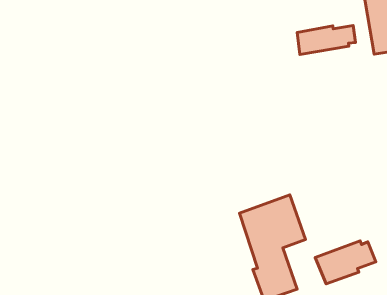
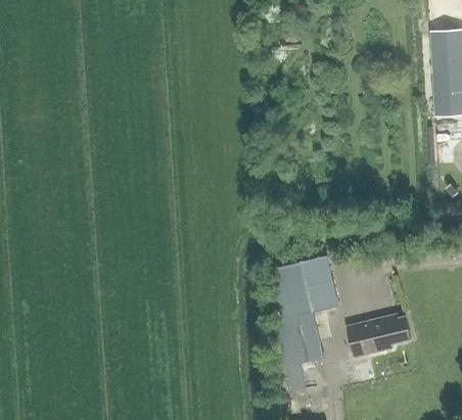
building: [297,26,355,55] -> none

